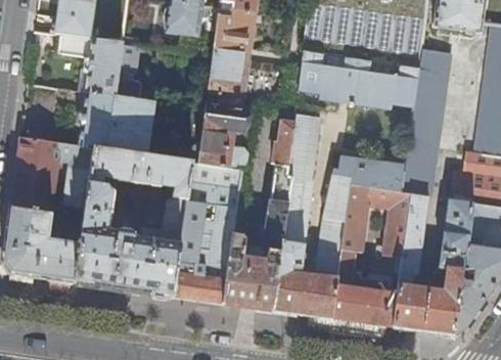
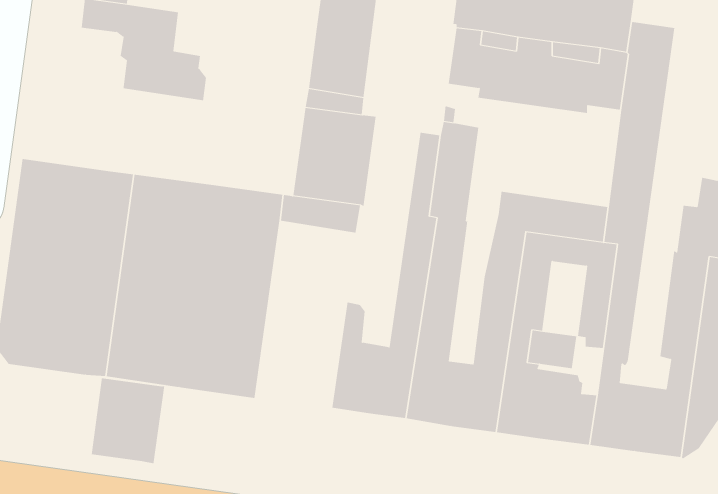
building: [76,92,155,155] -> none
building: [173,200,236,302] -> none
building: none -> [91,377,165,464]

